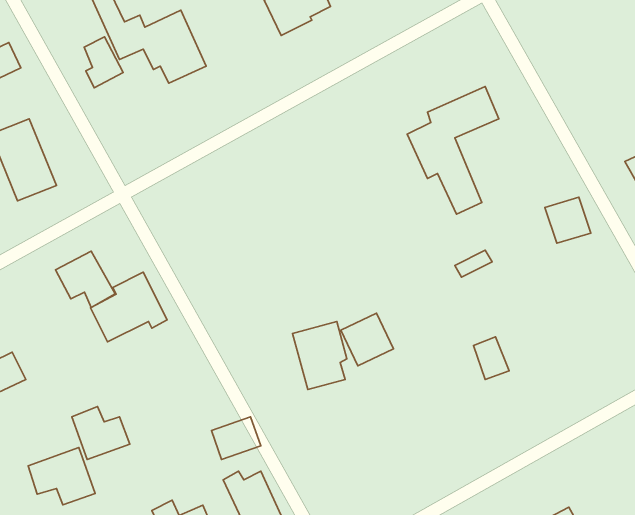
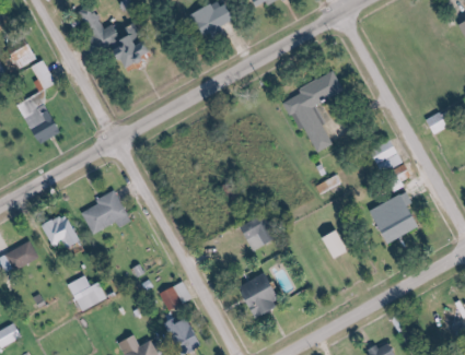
building: [84,37,123,88] -> [28,59,54,92]
building: [56,251,115,307] -> [43,213,81,249]
building: none -> [370,191,422,242]
building: [292,322,347,390] -> [243,273,278,317]
building: [28,448,95,505] -> none

